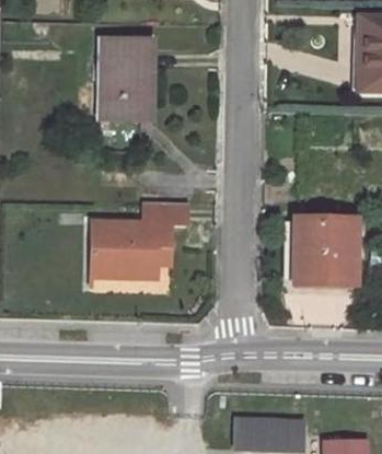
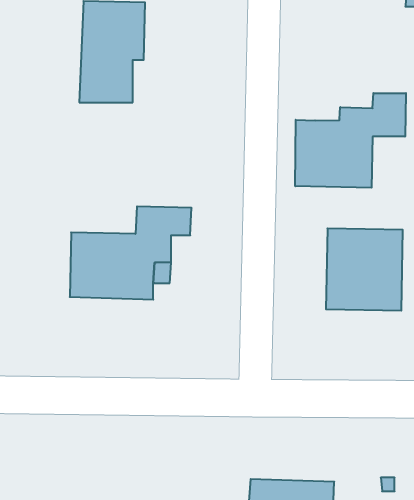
building: none -> [295,93,406,188]

